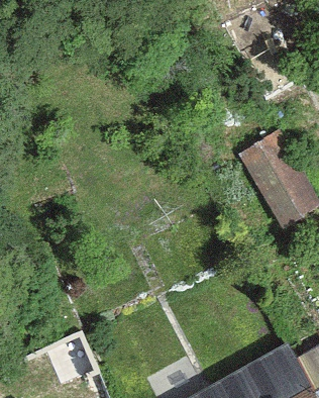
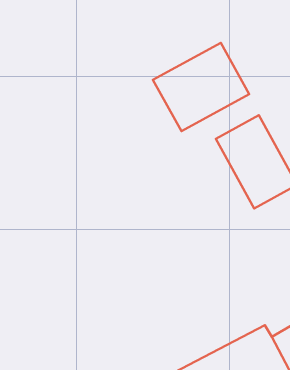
building: none -> [153,43,249,131]

